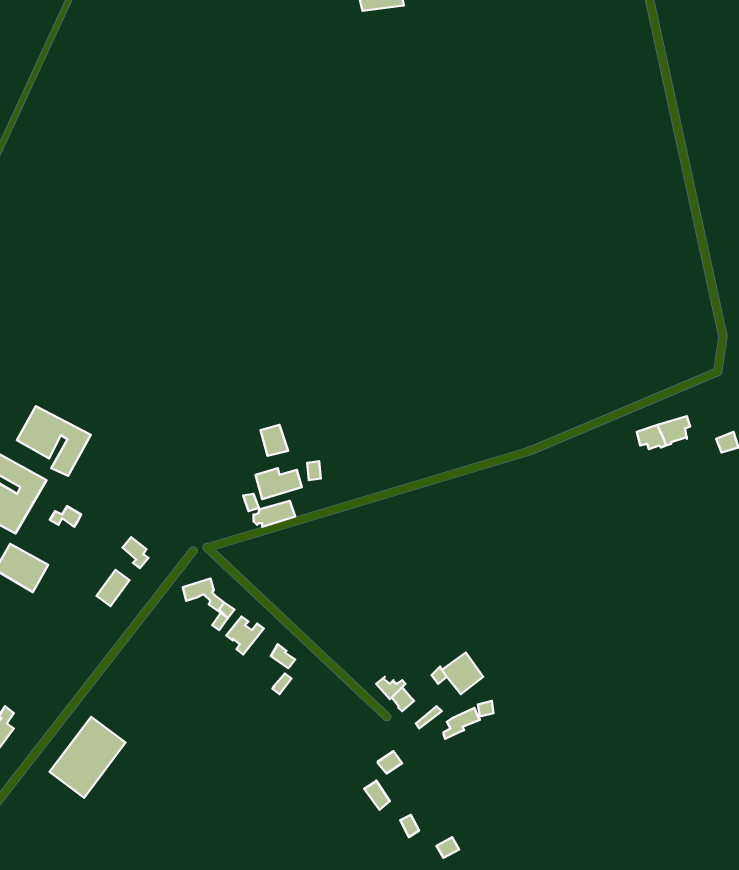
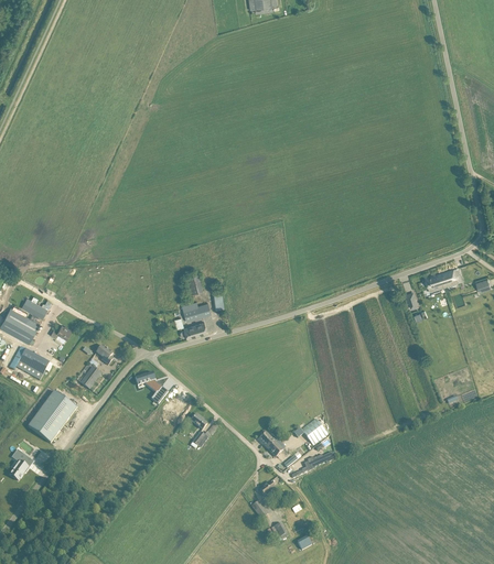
building: [17,406,91,476] -> none
building: [50,717,126,798] -> [28,390,76,442]

